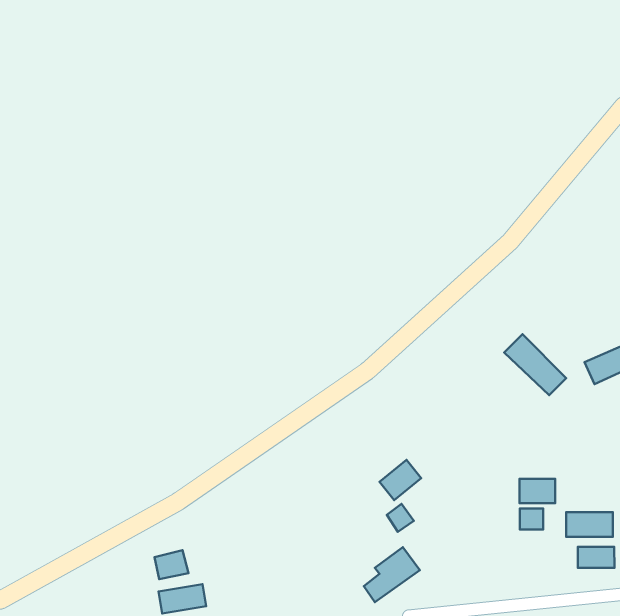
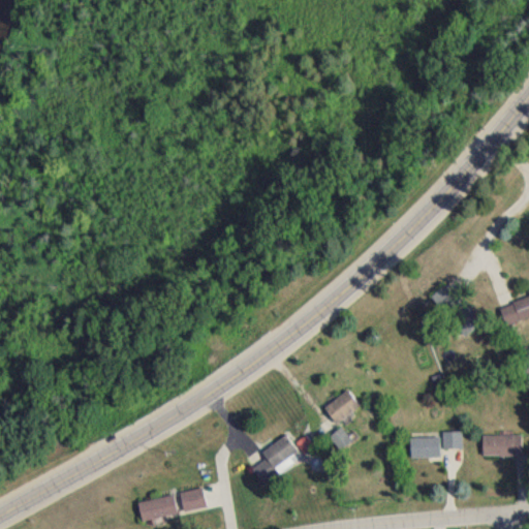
building: [520,479,555,503] -> [410,437,440,458]
building: [578,547,614,568] -> none
building: [364,547,420,602] -> [253,435,301,481]
building: [154,550,189,579] -> [180,487,209,511]

